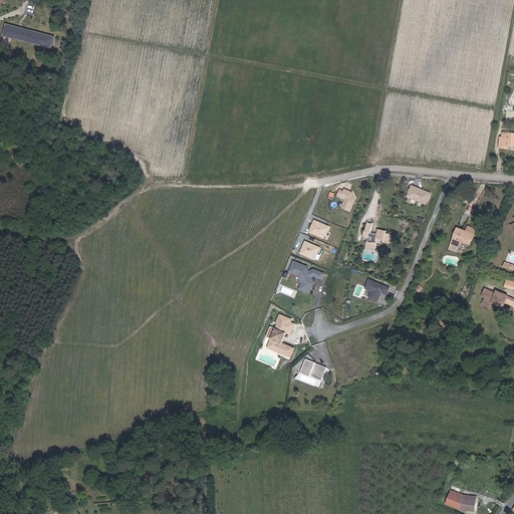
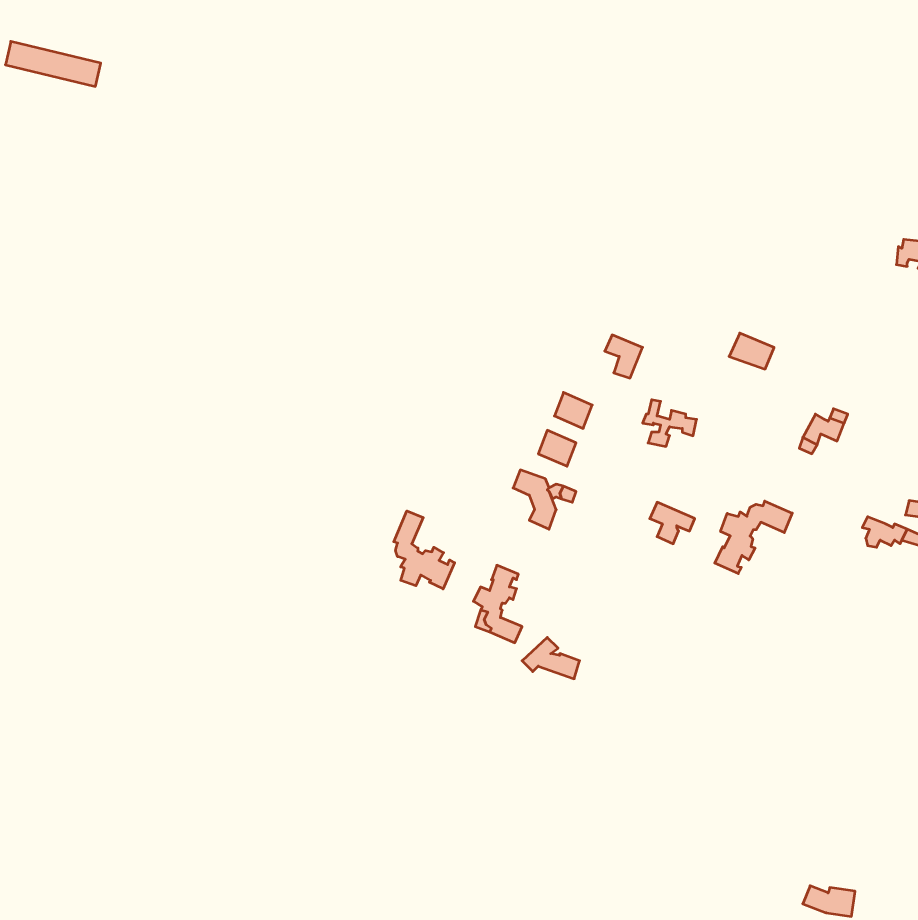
building: none -> [715,501,792,574]
building: none -> [394,511,455,589]

